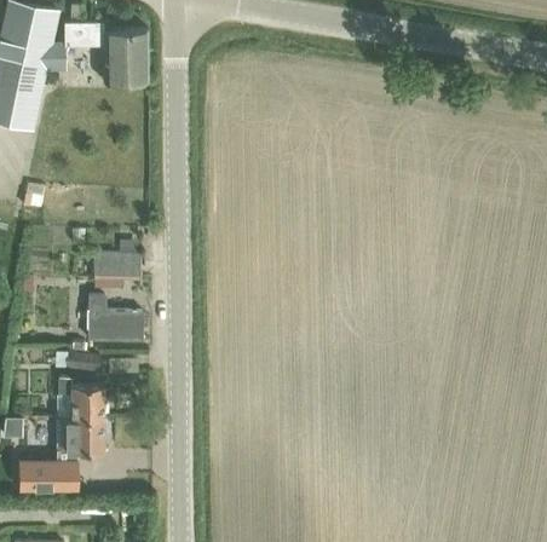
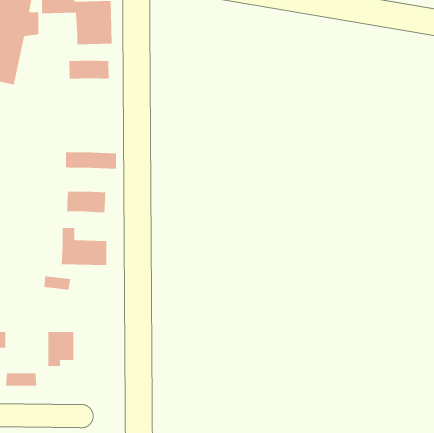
building: none -> [69,60,109,79]
building: none -> [65,151,117,170]
building: [57,379,103,419] -> none

